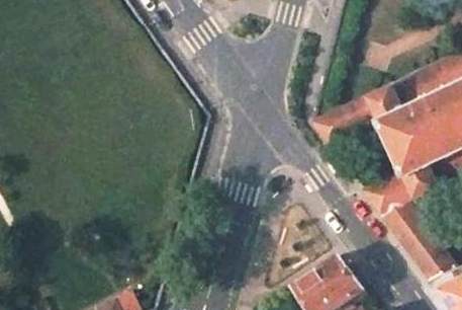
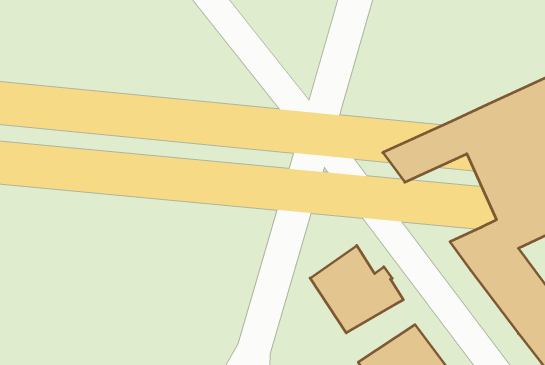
building: none -> [310,245,403,333]

